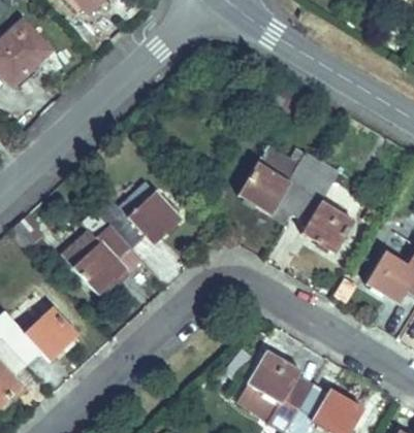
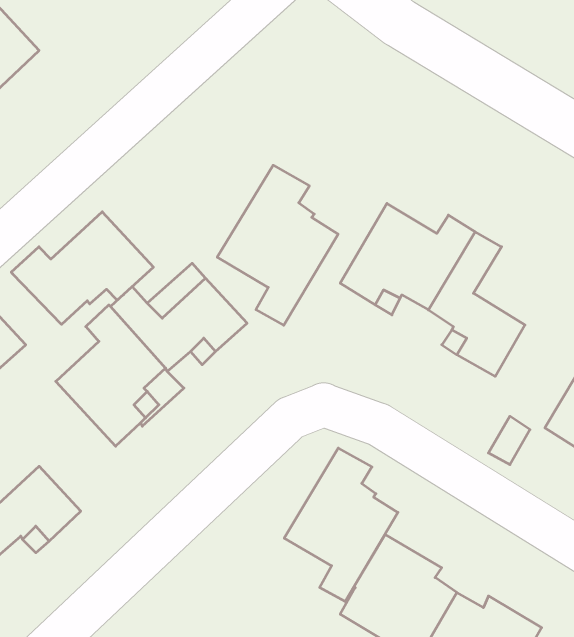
building: none -> [217,165,338,325]
building: none -> [11,212,153,324]
building: none -> [284,448,398,602]

